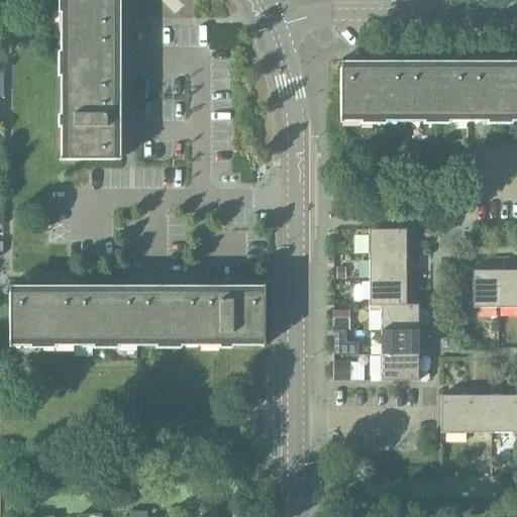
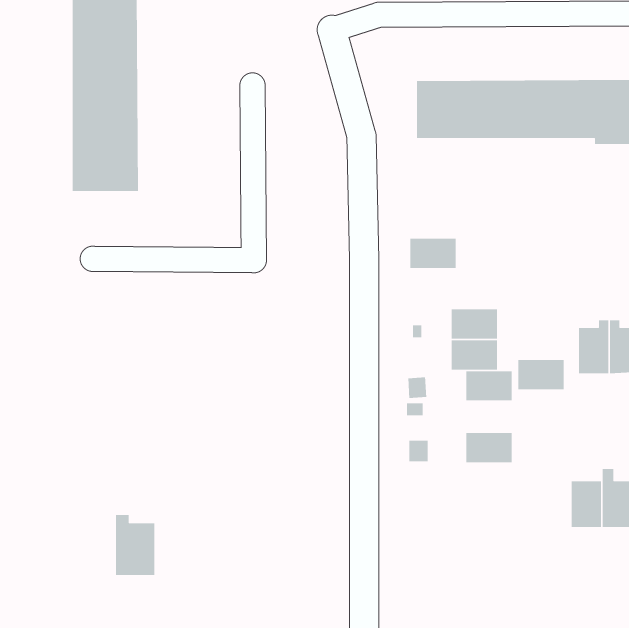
building: [371,226,409,251] -> [409,238,457,269]
building: [12,289,266,343] -> none
building: [383,327,421,352] -> [517,359,564,390]
building: [443,392,469,430] -> none
building: none -> [115,514,155,576]

